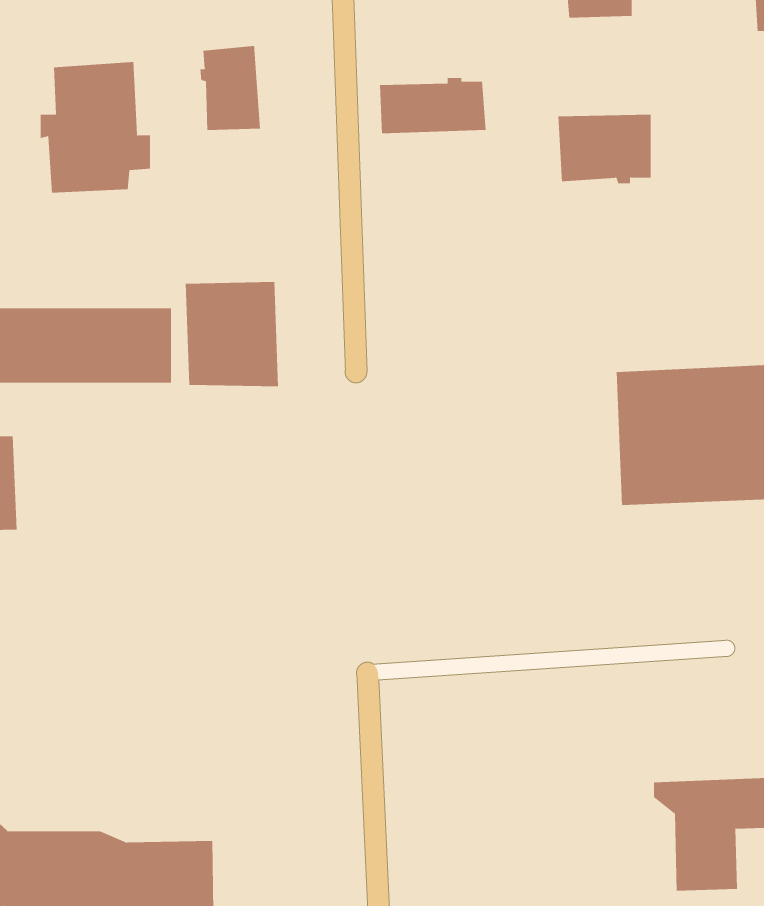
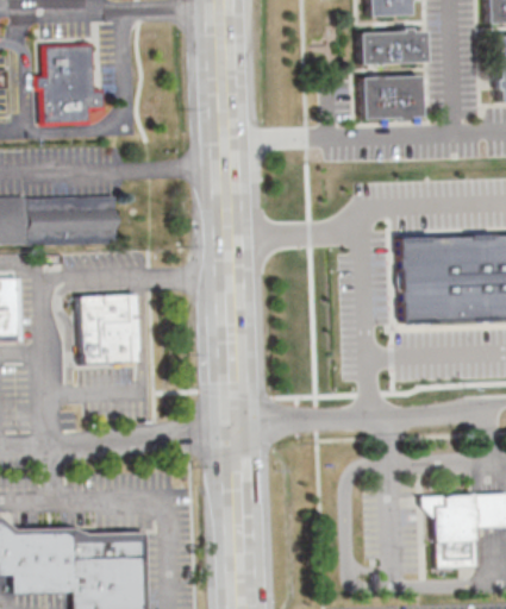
building: [200,45,261,131] -> none
building: [379,77,486,134] -> [360,27,427,63]
building: [185,282,279,387] -> [79,296,138,363]

